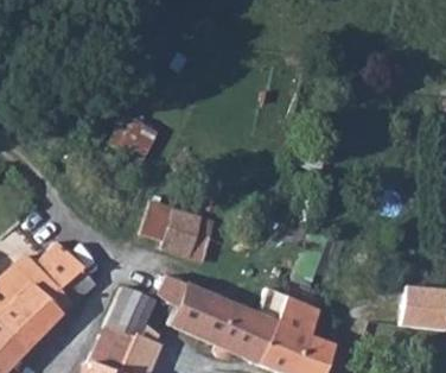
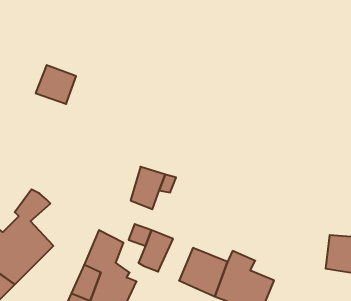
building: [106,116,154,163] -> [36,65,76,104]
building: [44,252,100,308] -> none
building: [197,295,238,344] -> none

